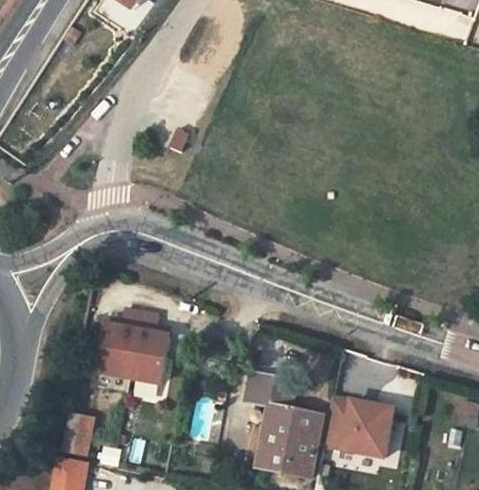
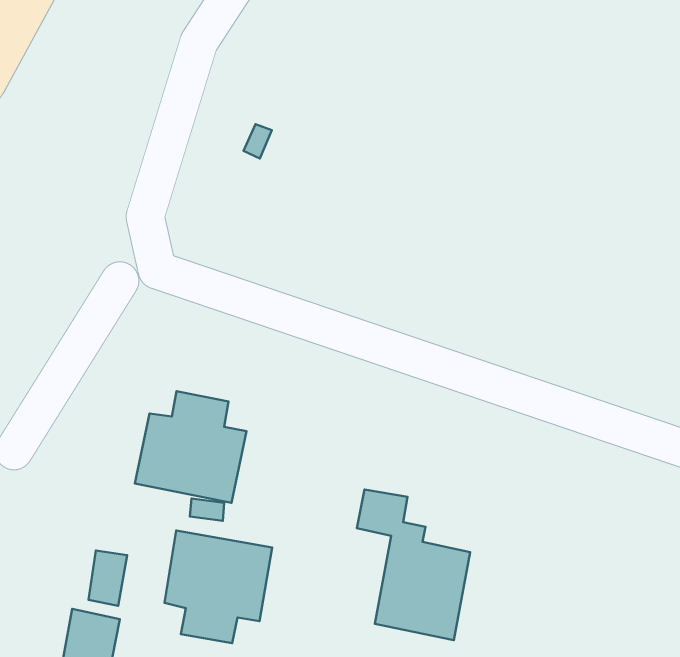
building: [321,396,394,456] -> none
building: none -> [164,530,272,643]

